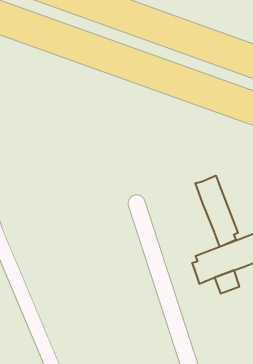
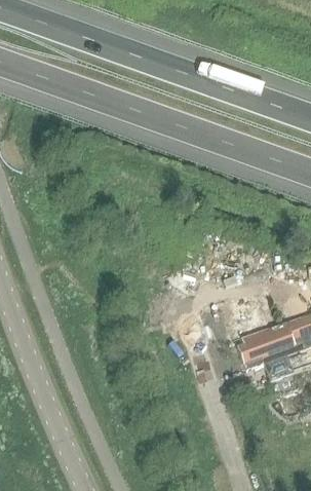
building: [195,176,238,247] -> none

